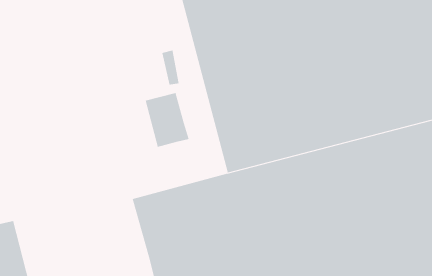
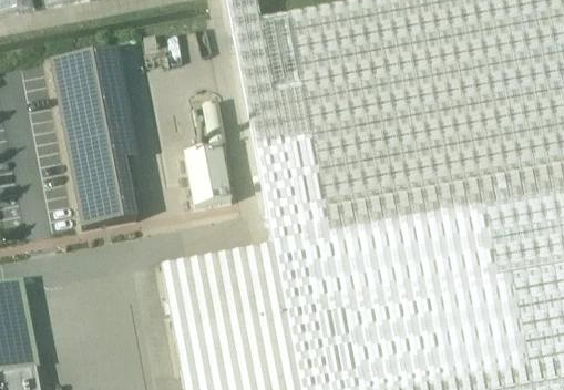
building: none -> [48,51,136,229]

